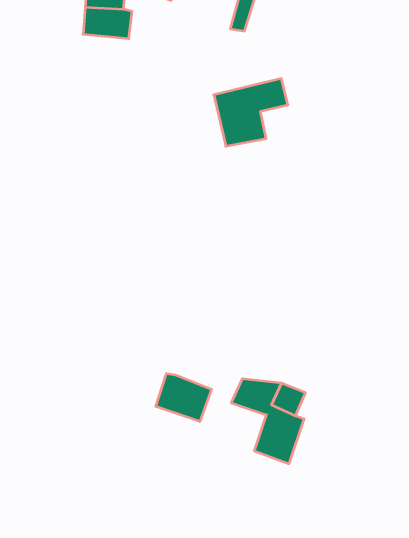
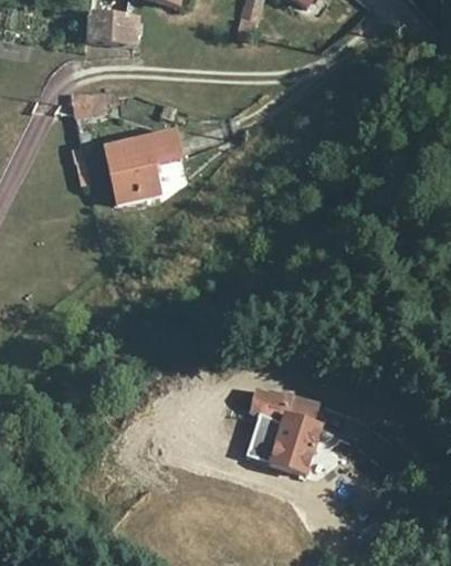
building: [214,79,288,146] -> [106,132,181,200]
building: [156,374,211,422] -> none

